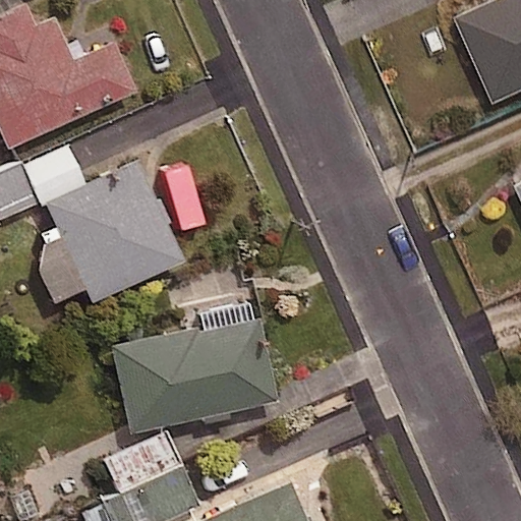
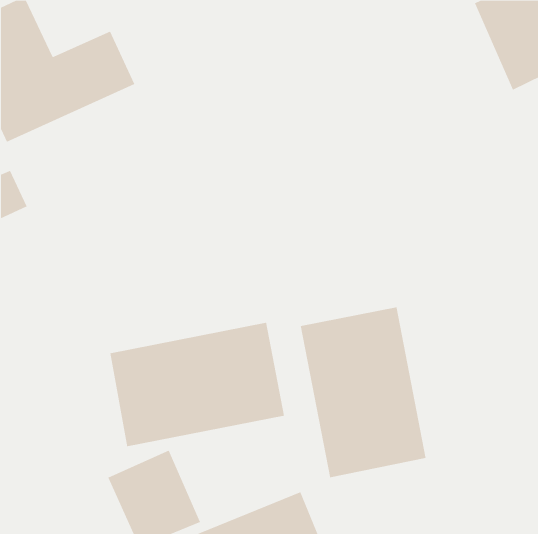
building: [40,161,178,302] -> none
building: none -> [300,306,426,478]

